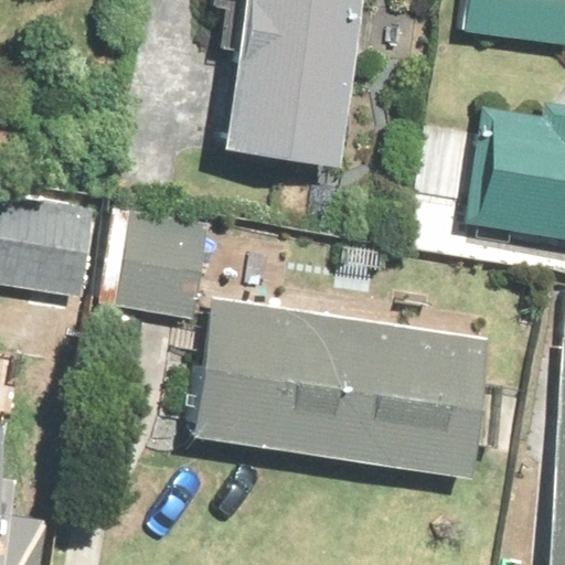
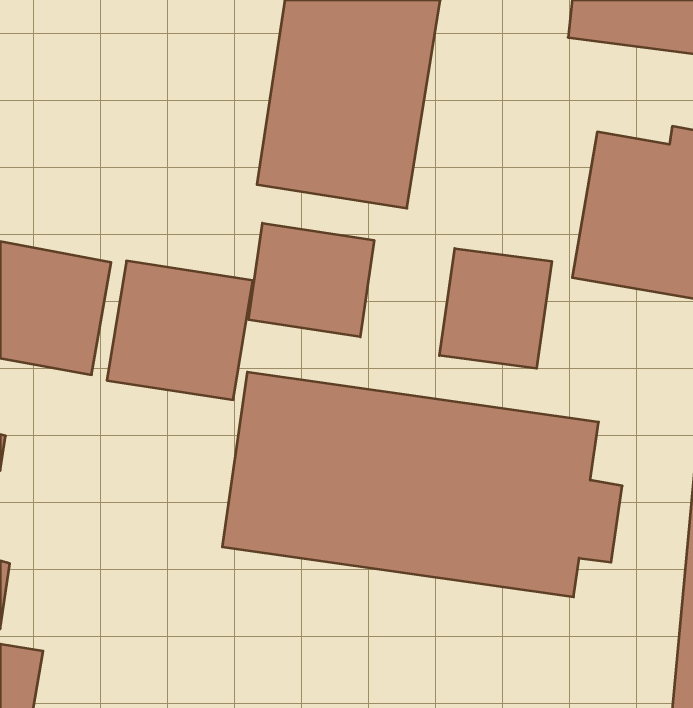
building: none -> [249,223,374,337]
building: none -> [439,248,552,368]

